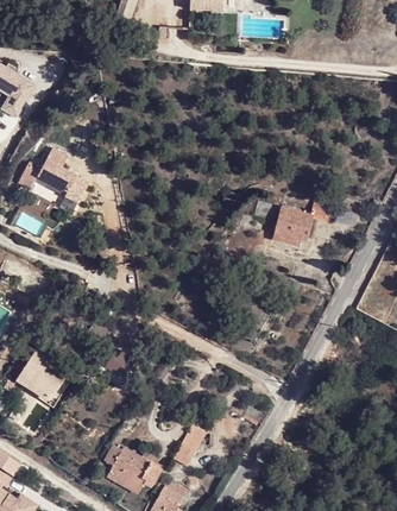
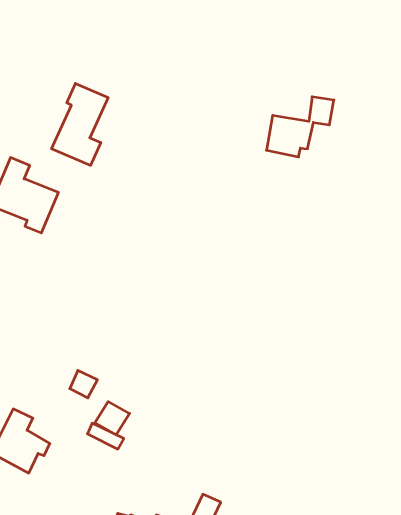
building: none -> [52,83,108,165]
building: [272,200,333,248] -> [266,97,334,157]

